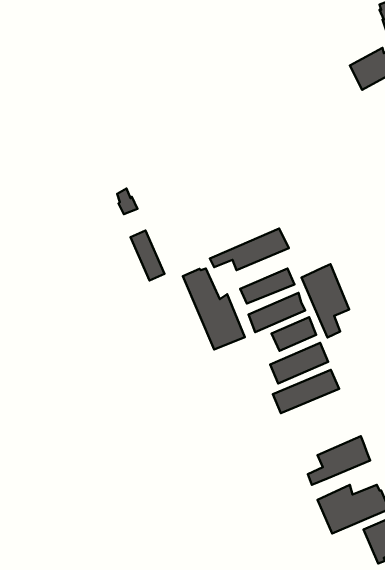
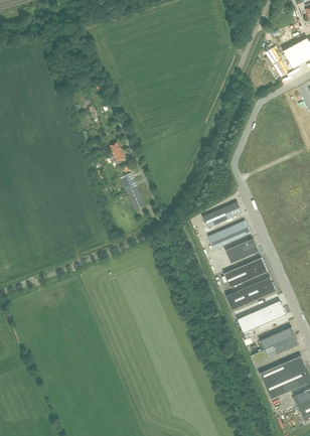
building: [210,229,289,270] -> none
building: [301,264,349,338] -> none
building: [183,268,245,350] -> none
building: none -> [237,299,285,331]

